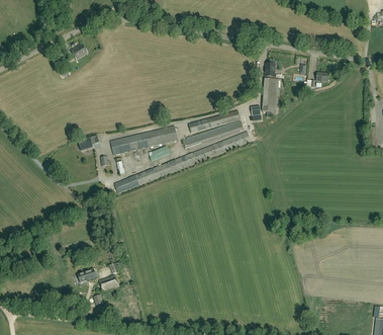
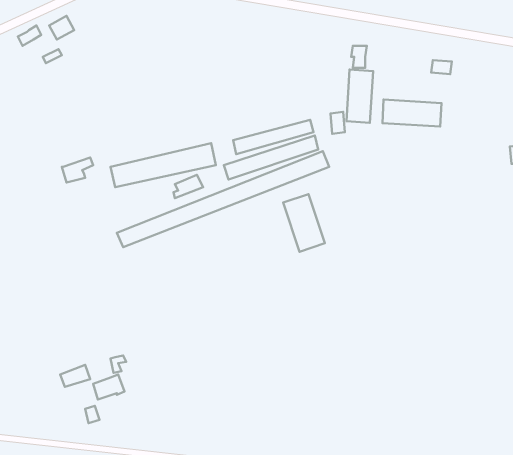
building: none -> [382,100,441,127]
building: none -> [283,194,325,252]

